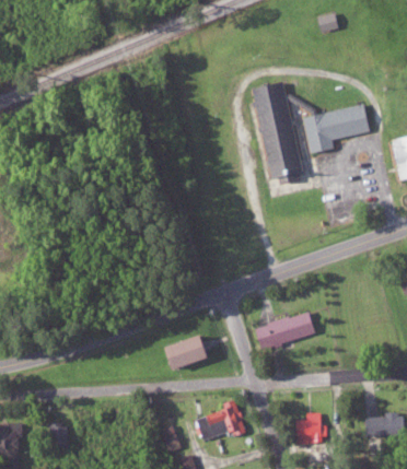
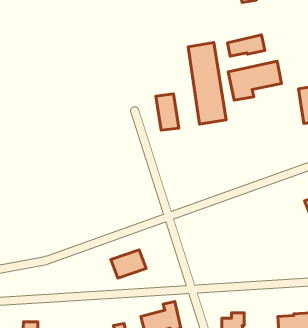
building: none -> [228,35,265,56]
building: none -> [156,94,179,130]
building: [254,310,315,350] -> none

